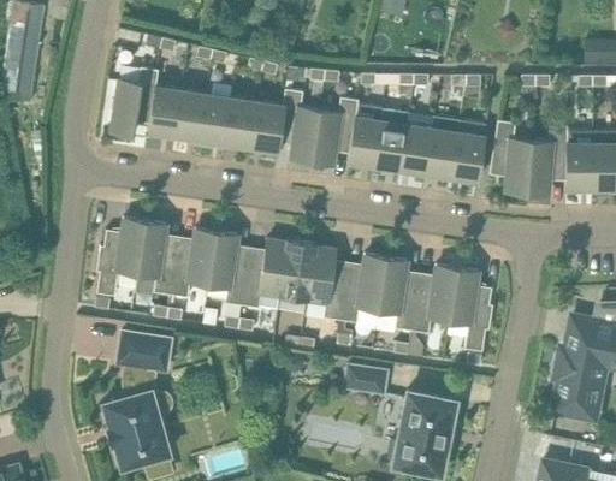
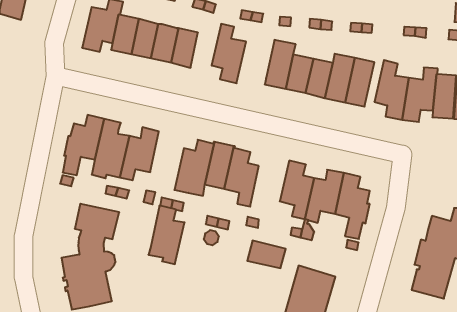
building: [251,89,286,152] -> none
building: [312,97,359,166] -> none
building: [207,232,250,305] -> [148,206,185,264]
building: [340,255,386,323] -> none

